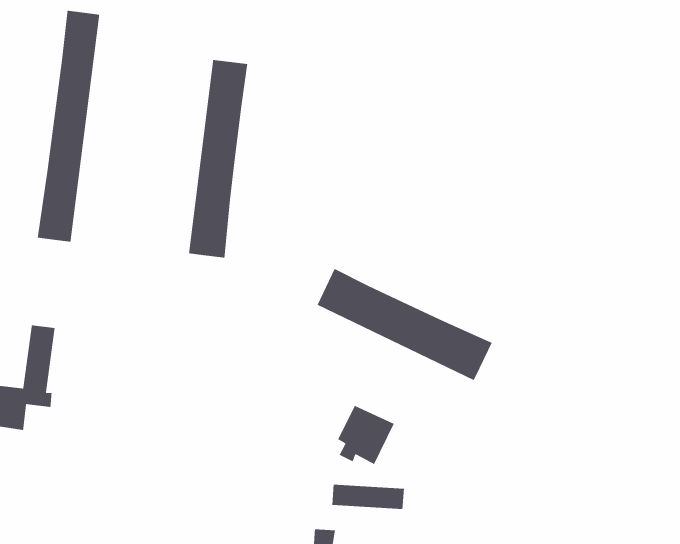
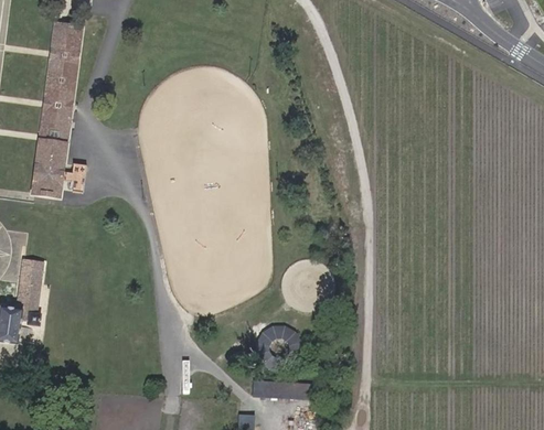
building: [188,59,248,258] -> none
building: [316,268,493,381] -> none

